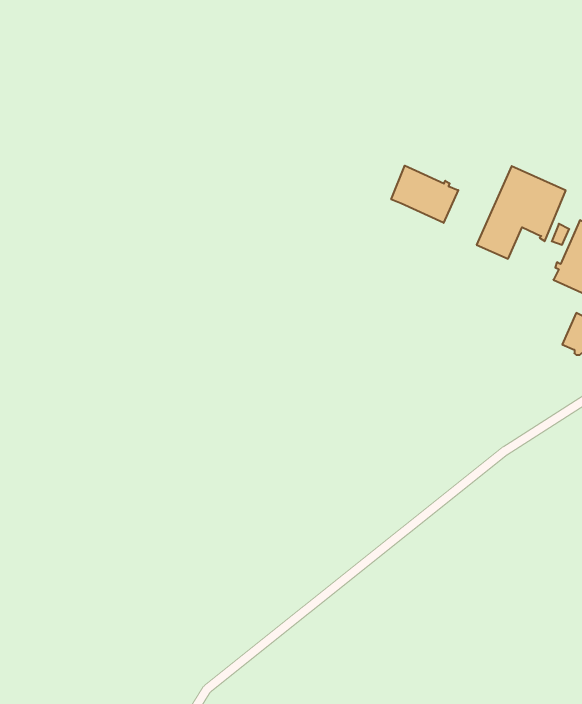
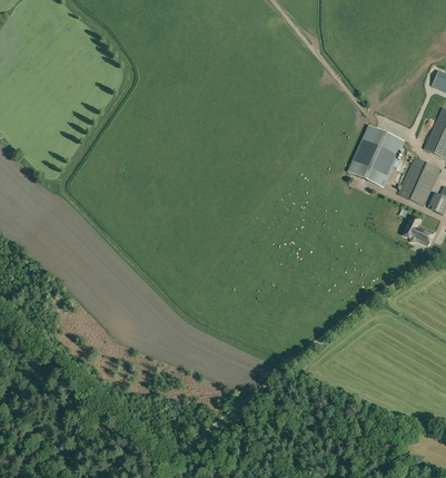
building: [391,166,458,223] -> none

